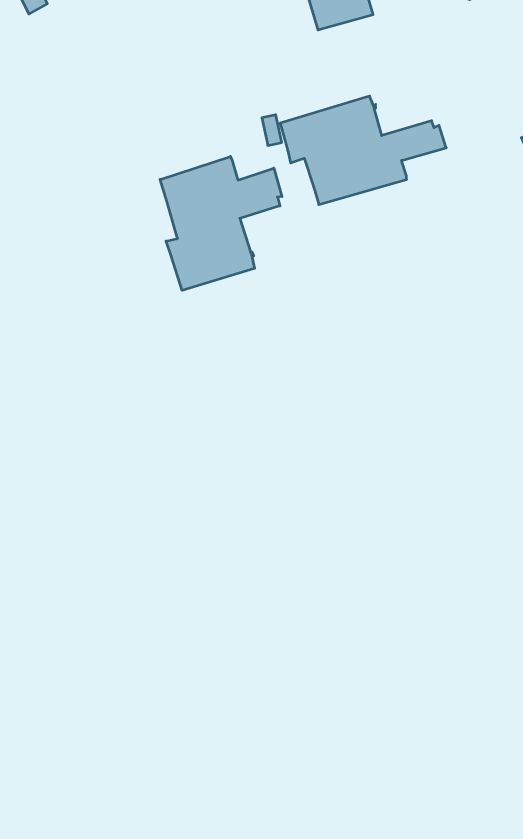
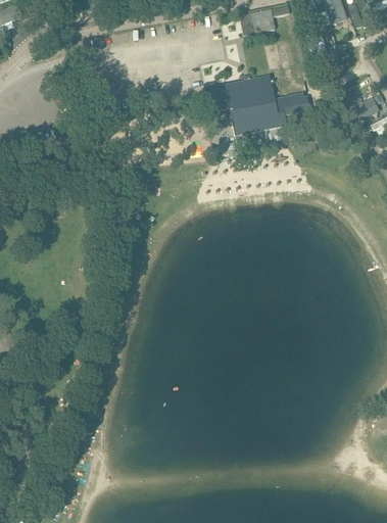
building: [160,156,282,290] -> none

